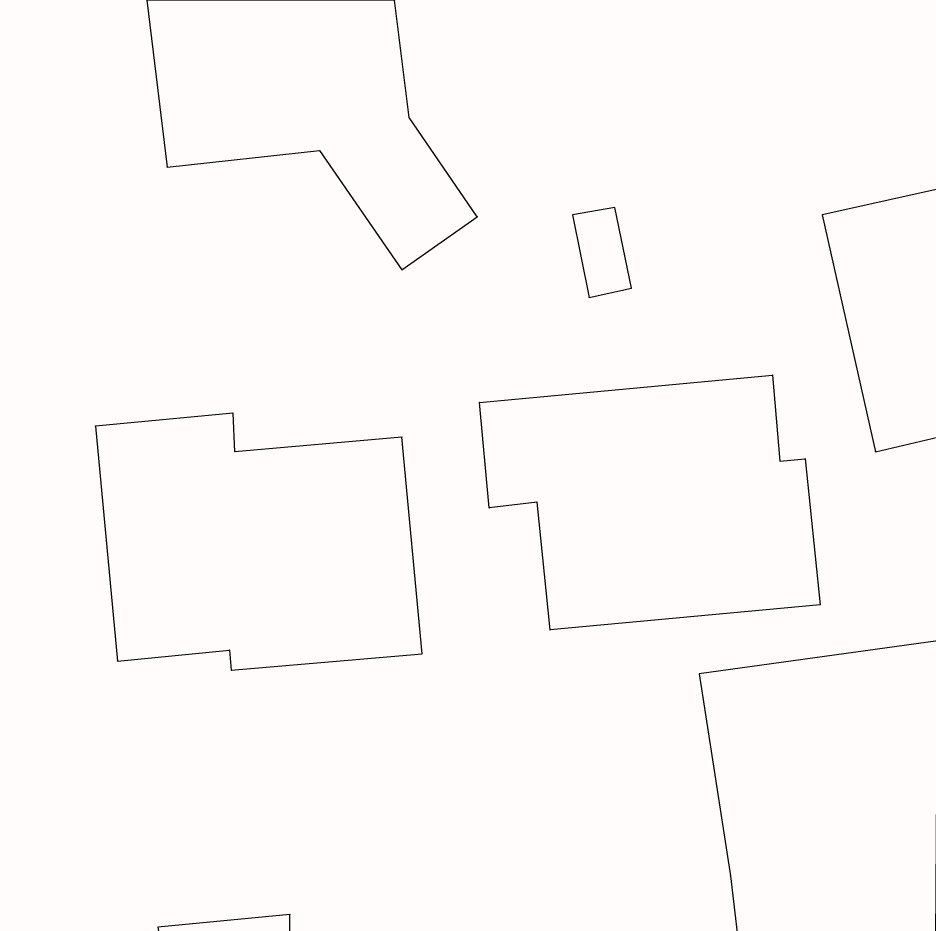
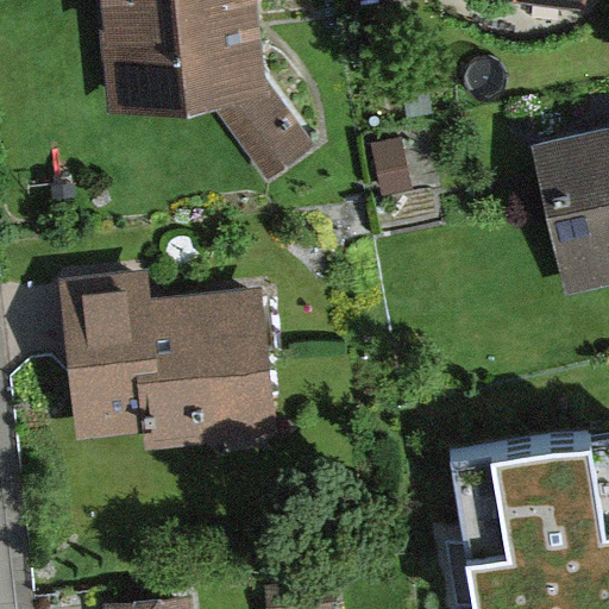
building: [480,375,820,630] -> none

